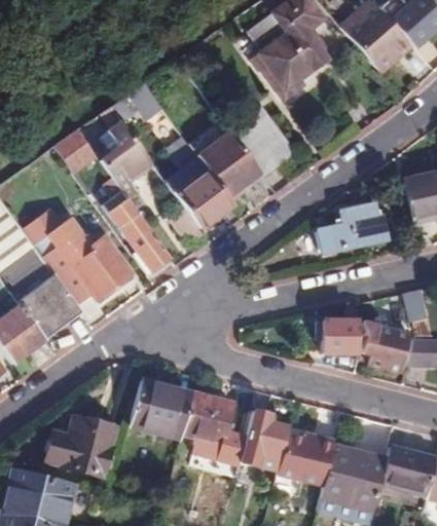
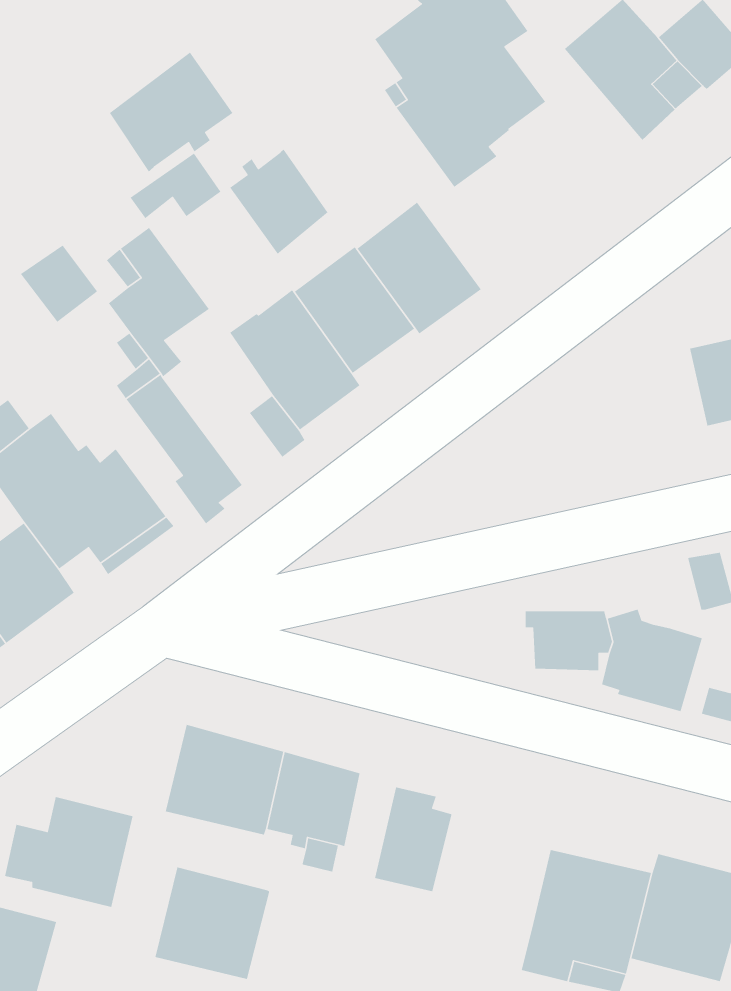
building: none -> [109,51,233,172]
building: none -> [229,149,329,255]
building: [318,210,387,254] -> none
building: [278,435,334,485] -> none
building: none -> [155,867,270,980]

